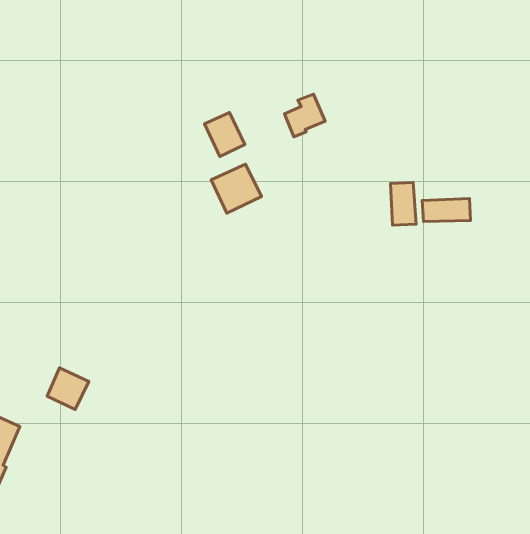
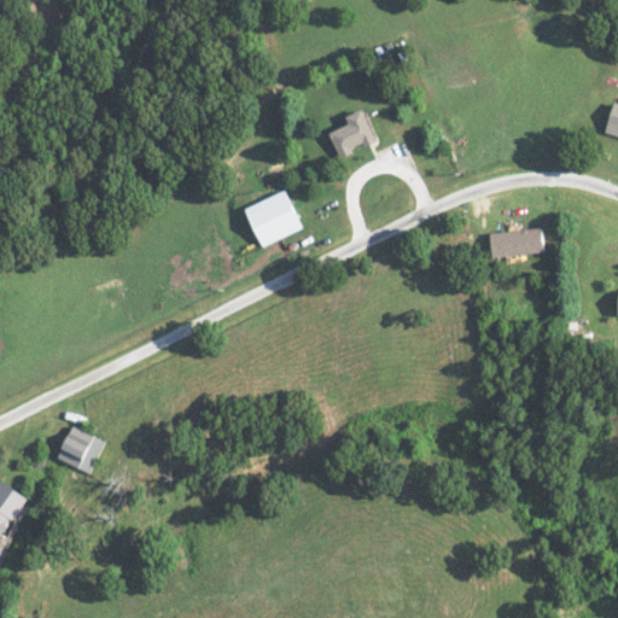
building: [204,113,245,157] -> none
building: [391,182,416,225] -> none

